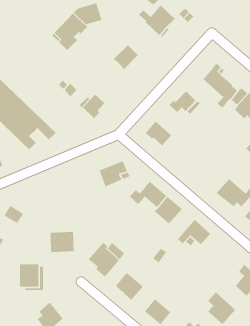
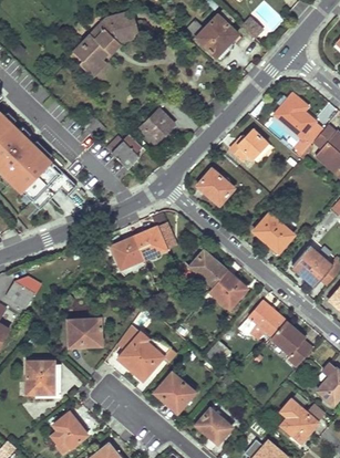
building: [113,44,139,70] -> [141,108,175,143]
building: none -> [253,214,292,251]
building: none -> [111,236,143,268]
building: none -> [269,321,313,369]

